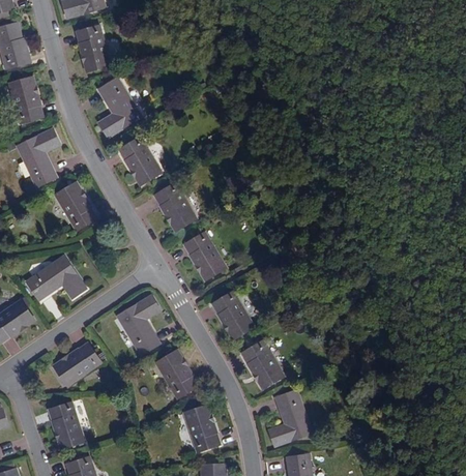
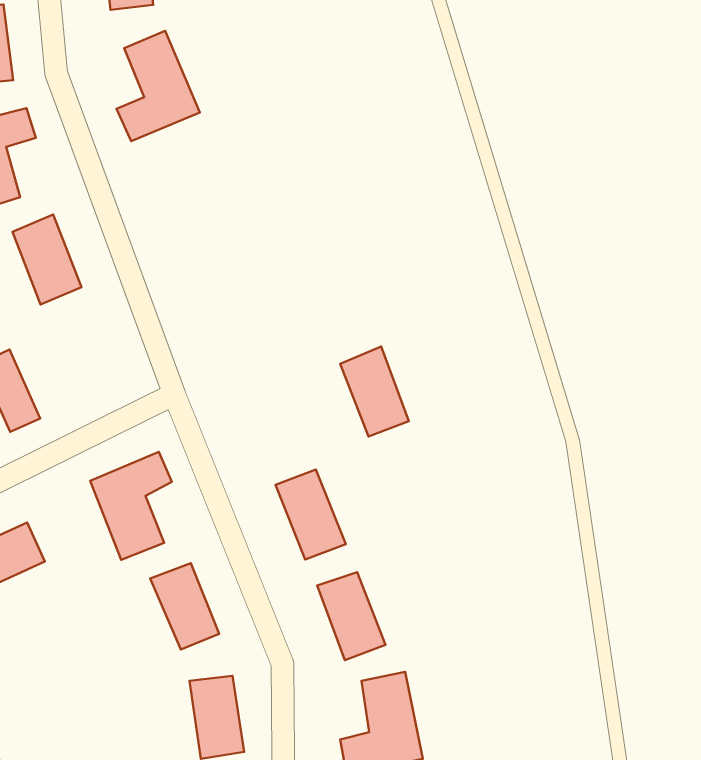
building: [119,137,159,184] -> none
building: [154,182,196,231] -> none
building: [184,232,225,279] -> [340,347,409,437]

